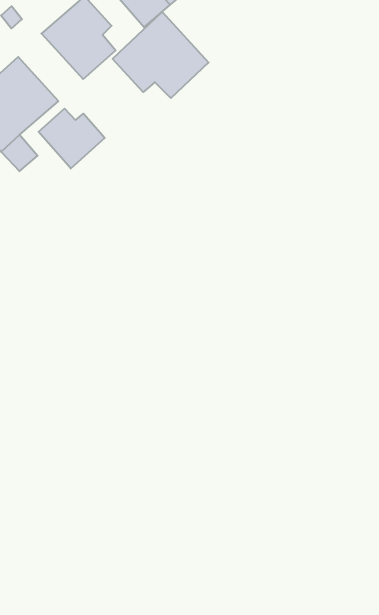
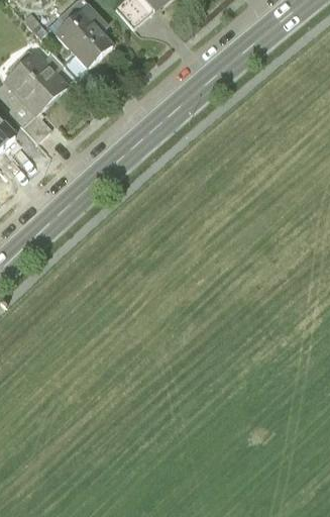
building: [113,12,209,98] -> none
building: [39,109,105,169] -> none

